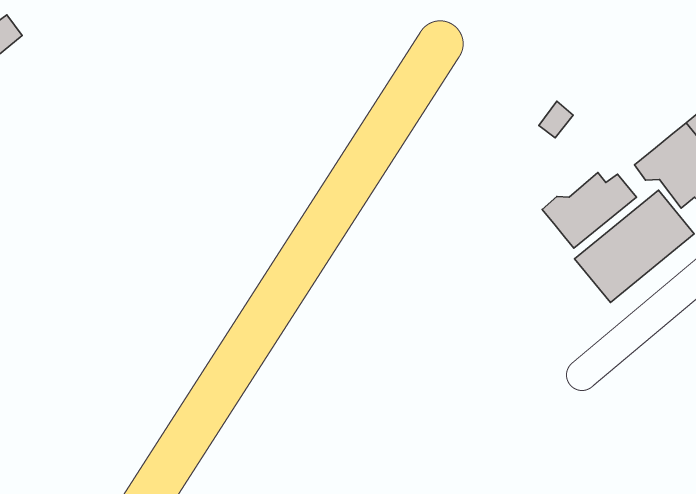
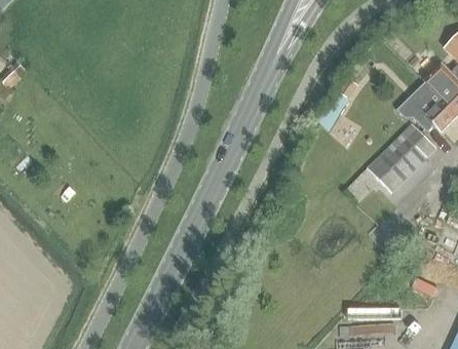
building: [542,172,636,248] -> none

